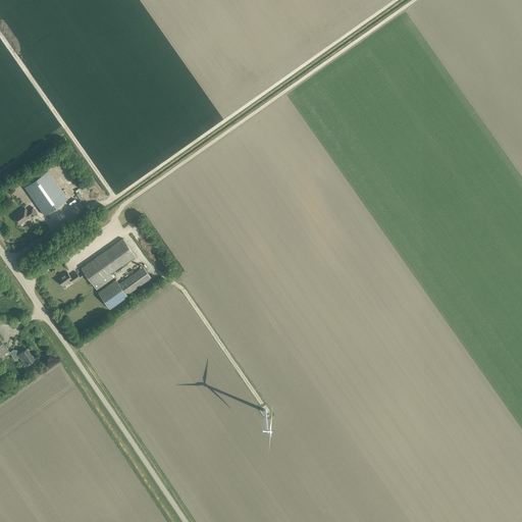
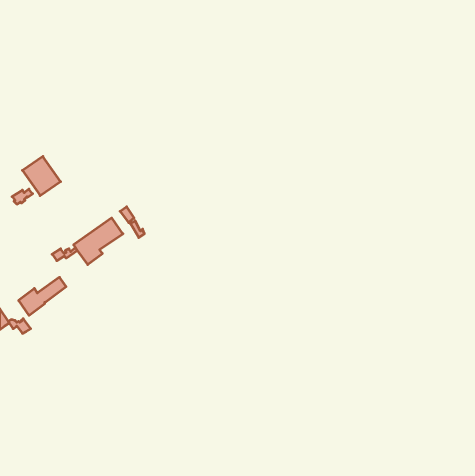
building: [98,267,150,309] -> [19,277,66,315]

